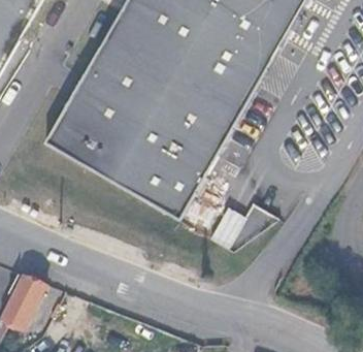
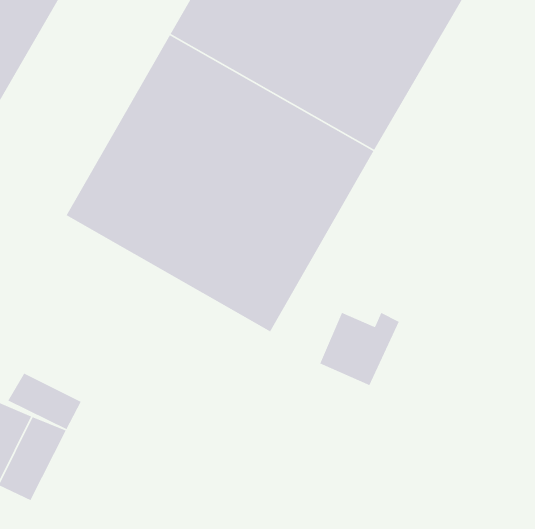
building: none -> [7,373,82,430]

